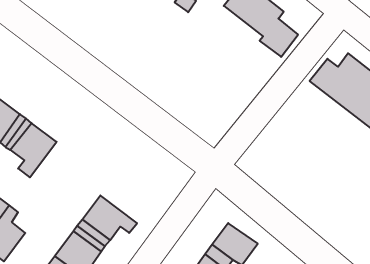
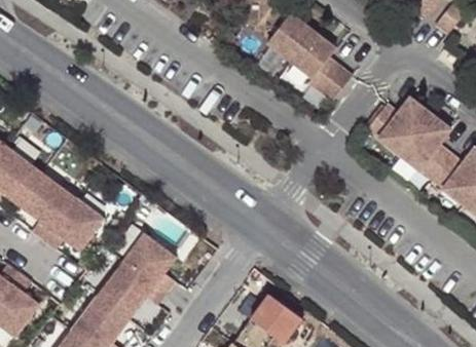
building: none -> [43,198,102,250]
building: none -> [124,232,177,292]

